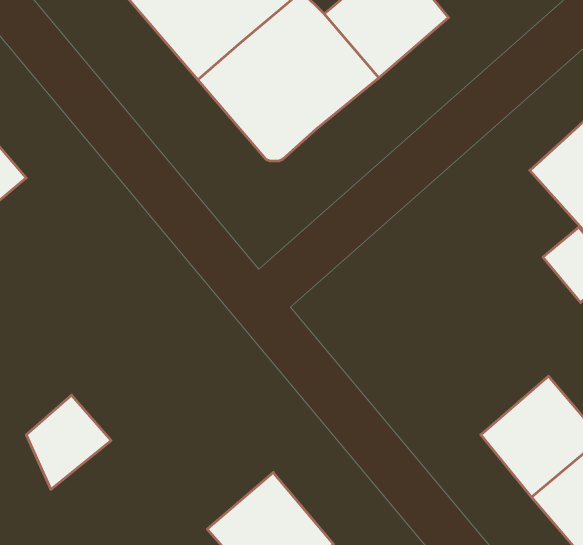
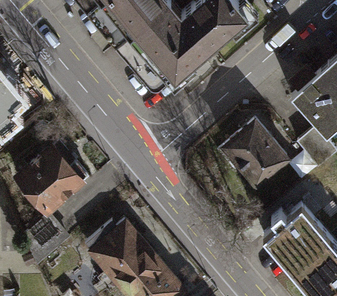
building: none -> [225,119,289,183]
building: none -> [18,147,89,211]
building: none -> [86,219,156,286]

